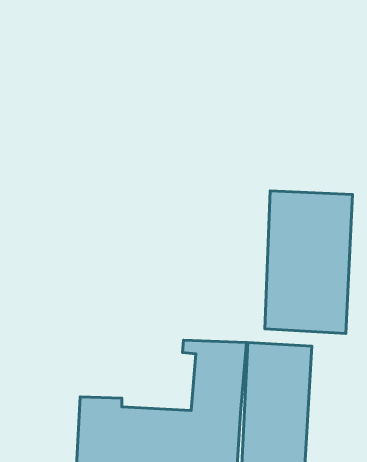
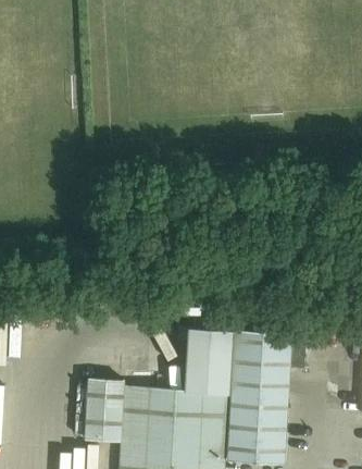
building: [265,191,353,334] -> none

